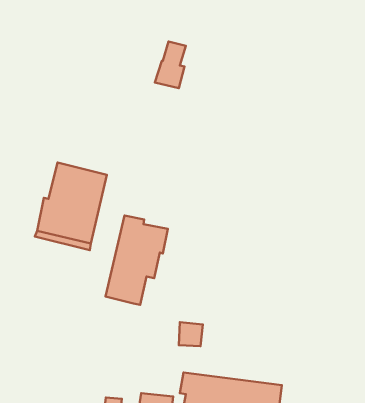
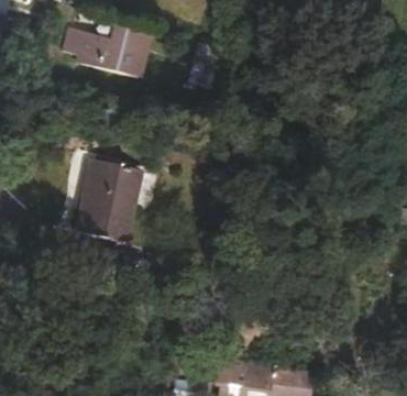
building: none -> [65,25,158,77]
building: [105,215,168,305] -> none

